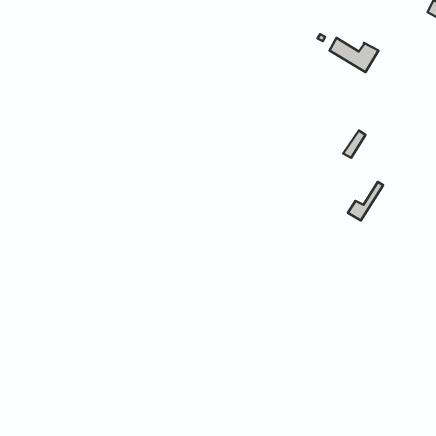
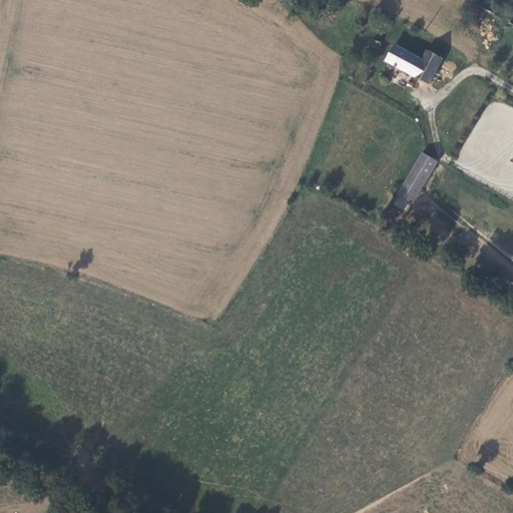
building: [348,182,383,220] -> [395,157,436,202]

